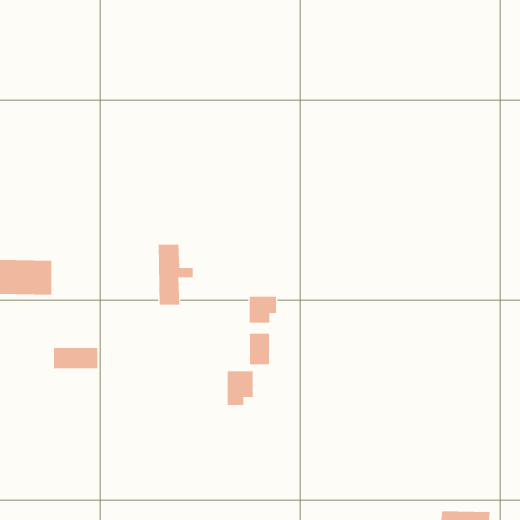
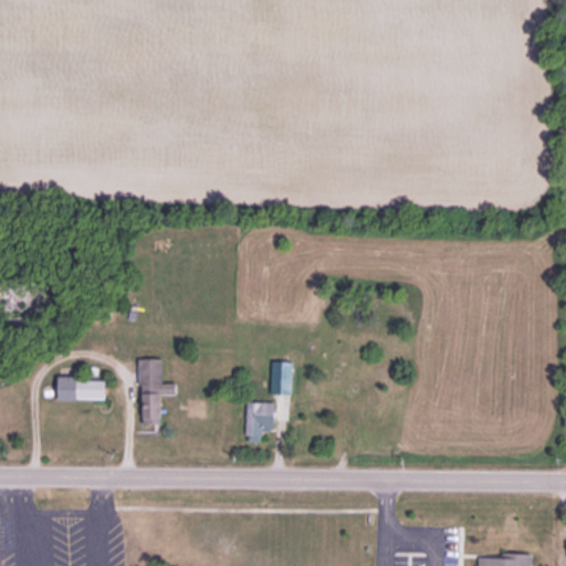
building: [158,244,193,305] -> [138,359,177,426]
building: [249,296,276,324] -> none

